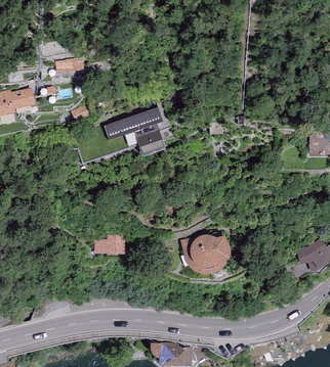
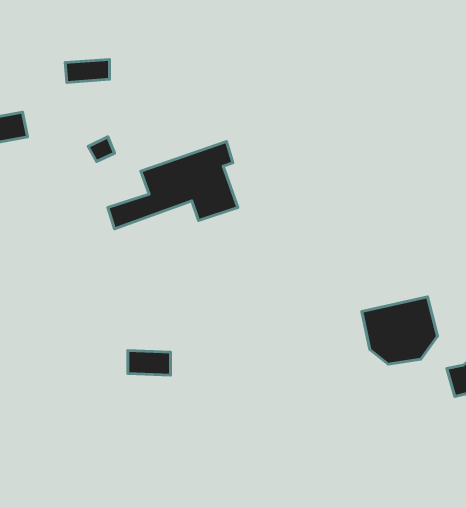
building: [176,228,223,270] -> [362,297,437,364]

